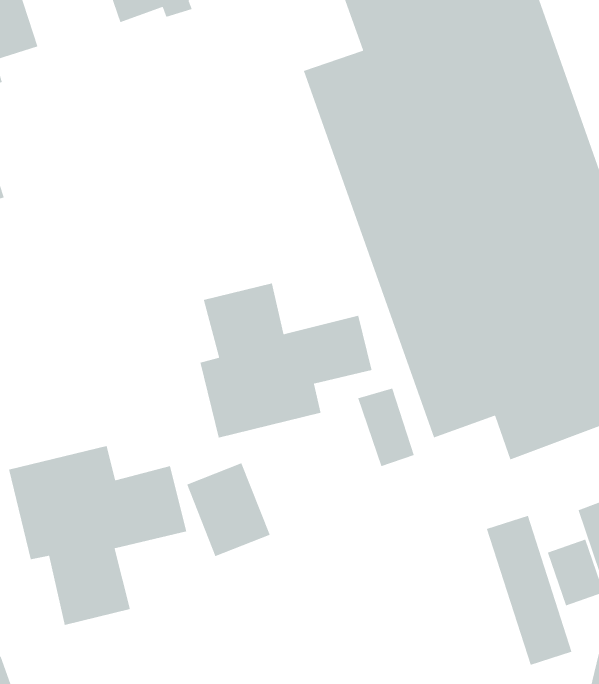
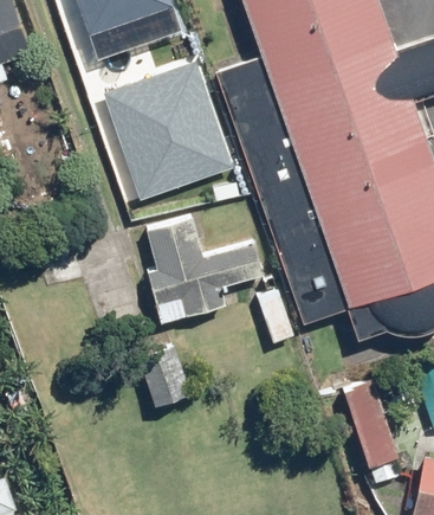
building: none -> [102,57,232,198]
building: [8,445,187,626] -> none

